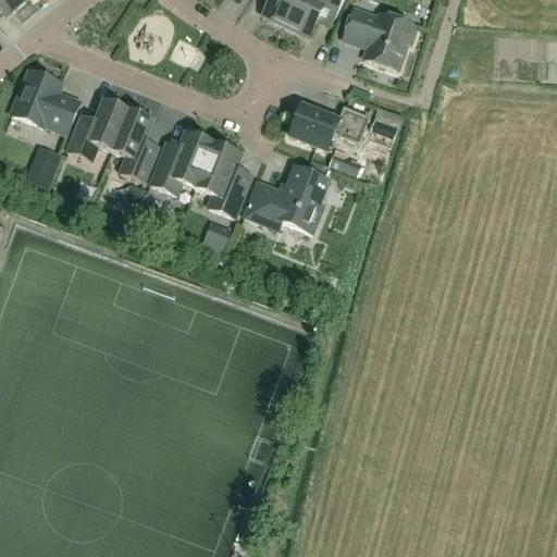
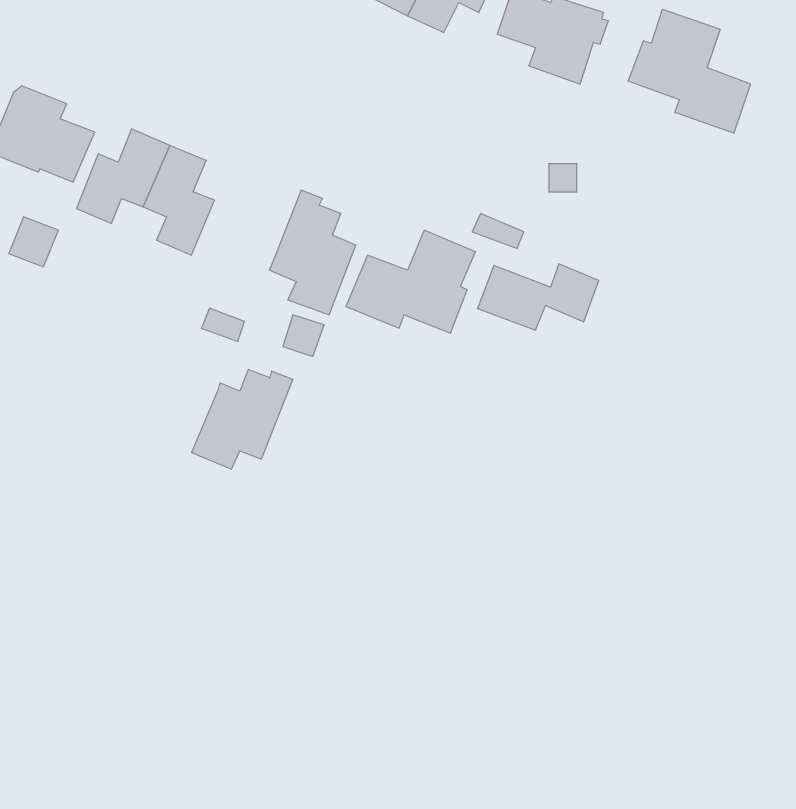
building: none -> [628,9,751,133]
building: [289,102,369,146] -> [477,264,599,330]
building: [148,131,214,196] -> [192,370,293,469]

